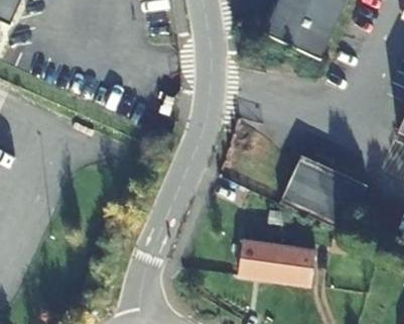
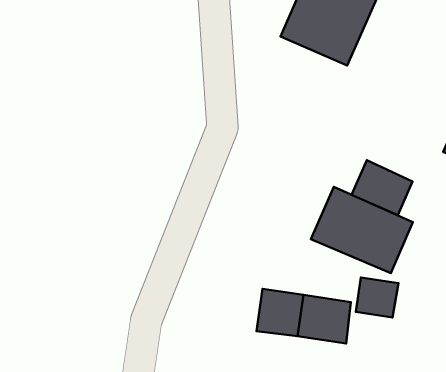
building: none -> [351,160,413,215]
building: none -> [356,277,399,317]

